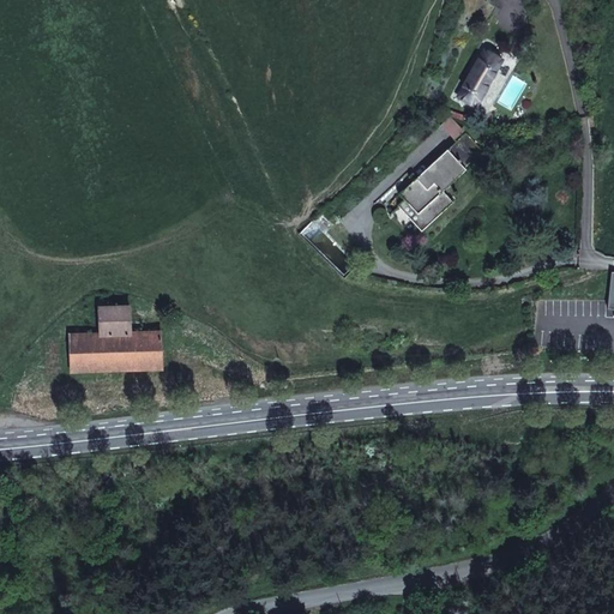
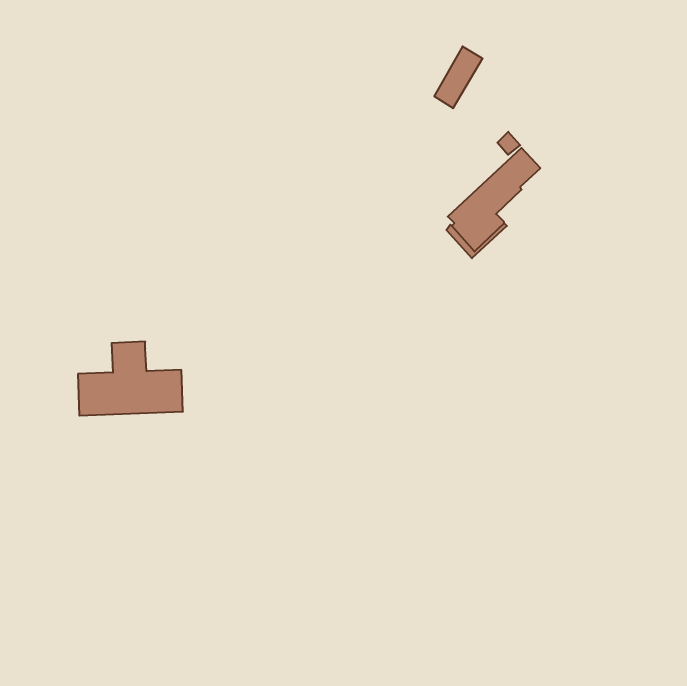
building: [458,50,501,106] -> [434,46,483,108]

